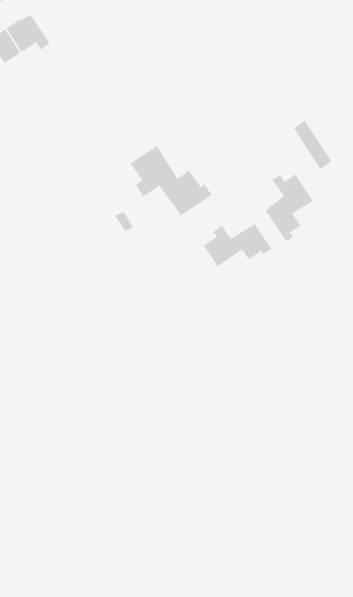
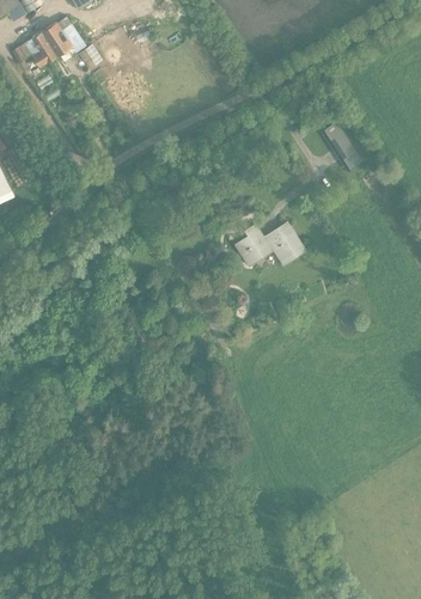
building: [130,145,212,216] -> none
building: [265,174,314,242] -> none

